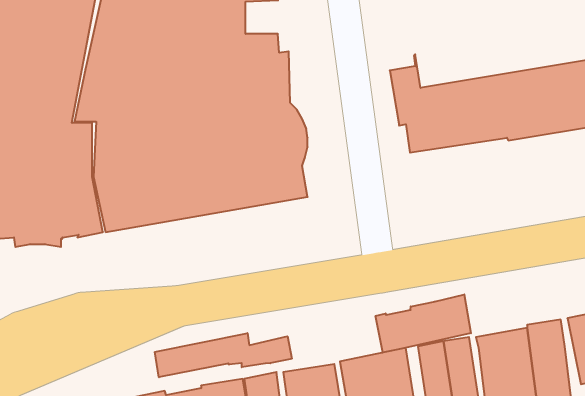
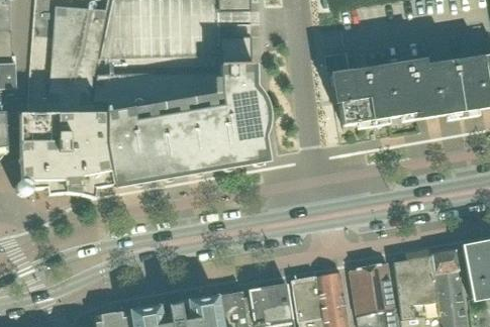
building: [376,294,471,353] -> none
building: [155,333,292,377] -> none

